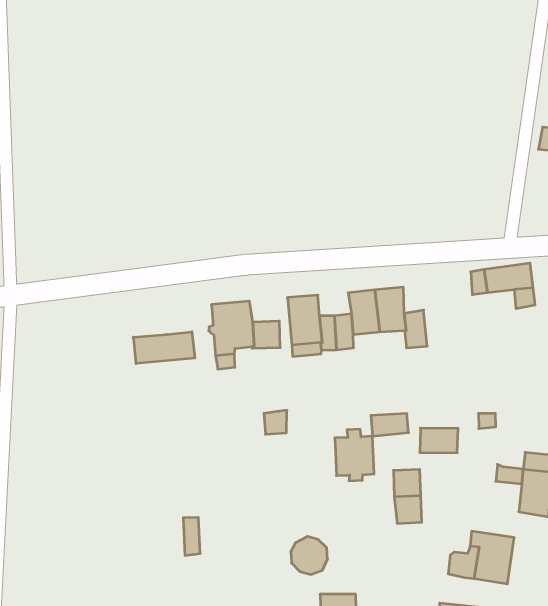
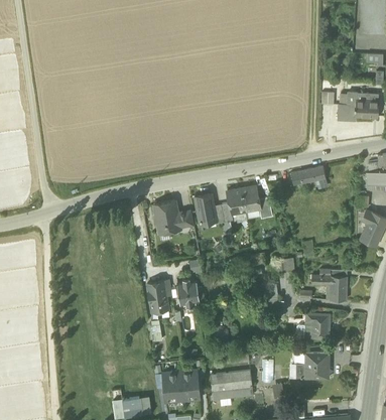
building: [133,332,195,364] -> none
building: [335,429,374,481] -> [176,278,200,306]
building: none -> [147,281,168,310]

